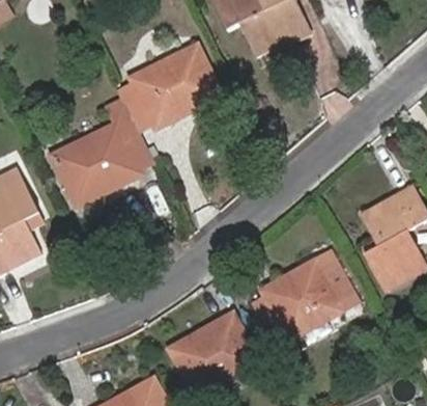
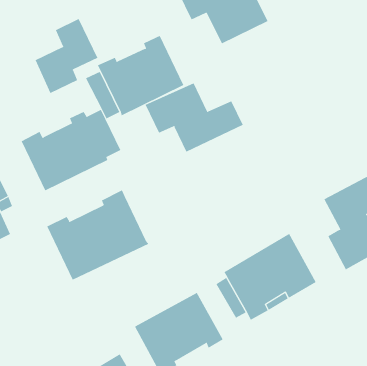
building: none -> [35,18,98,94]
building: none -> [145,82,244,152]
building: none -> [46,189,149,280]

